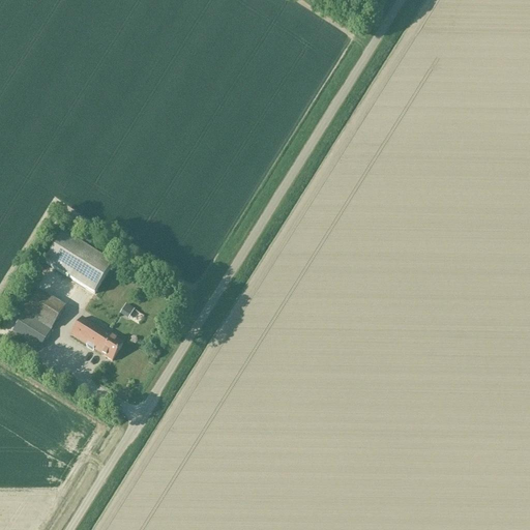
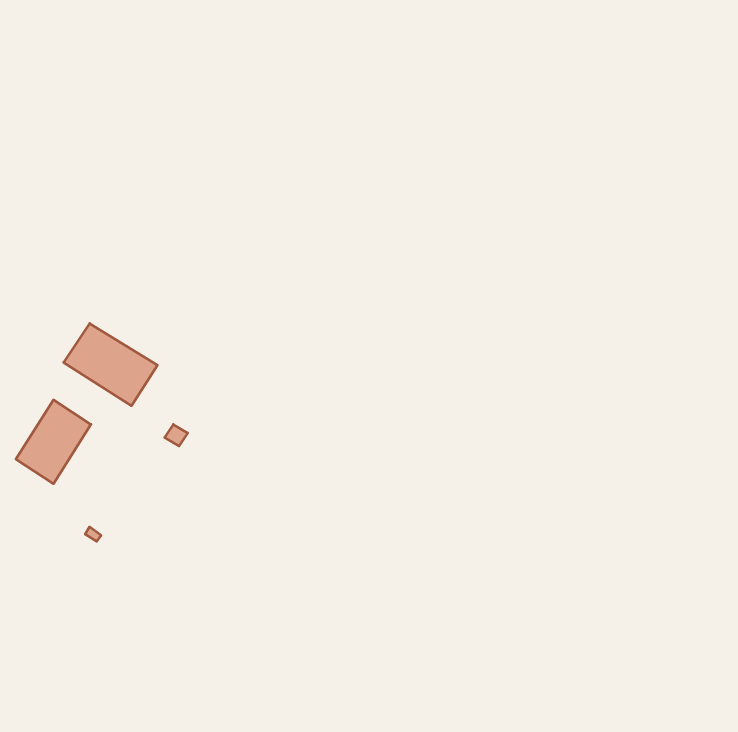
building: [70,315,123,358] -> none

